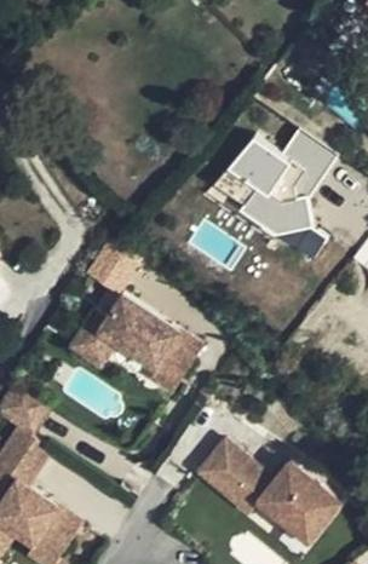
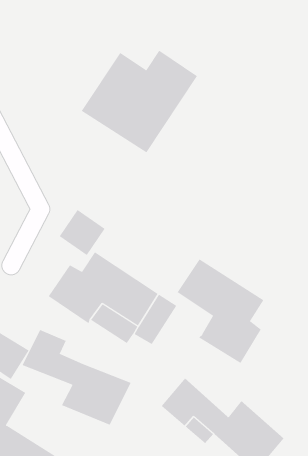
building: [207,133,338,248] -> [81,50,198,153]
building: none -> [177,259,264,364]
building: none -> [22,329,132,426]

